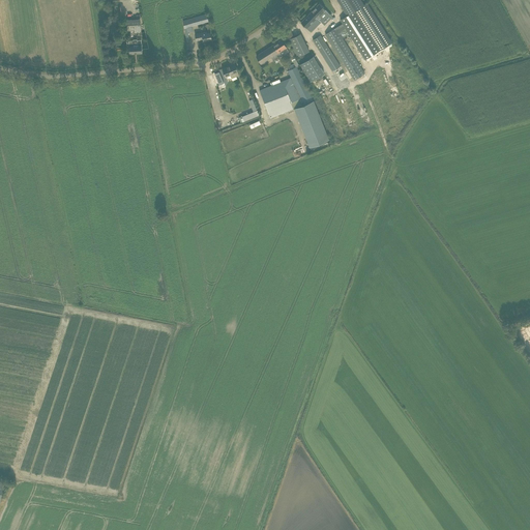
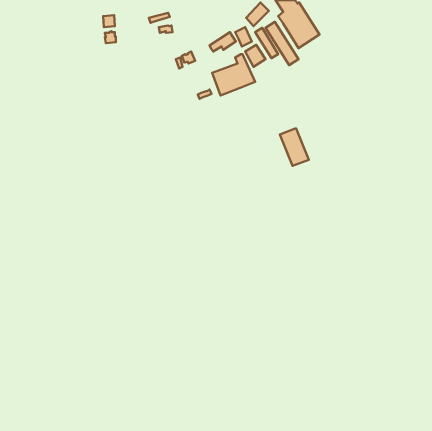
building: [294,101,329,147] -> [280,129,309,166]

